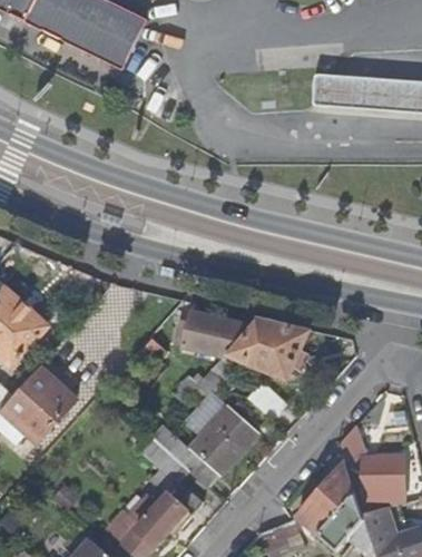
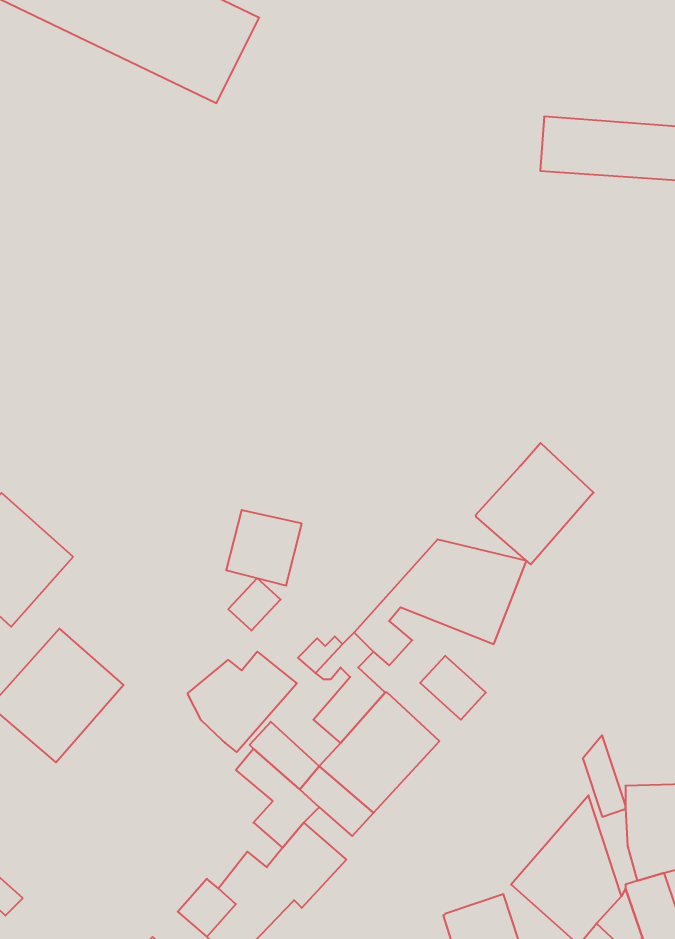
building: none -> [476,443,594,564]
building: [178,311,222,354] -> [226,510,302,586]
building: none -> [188,652,297,752]

